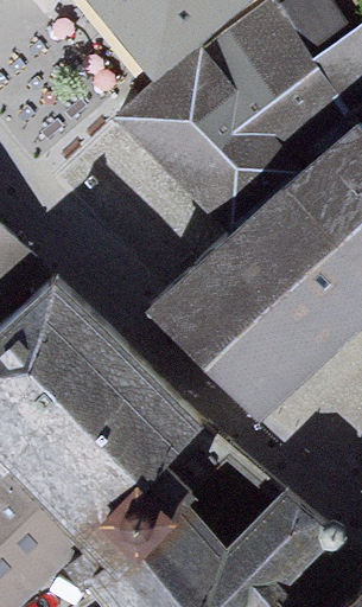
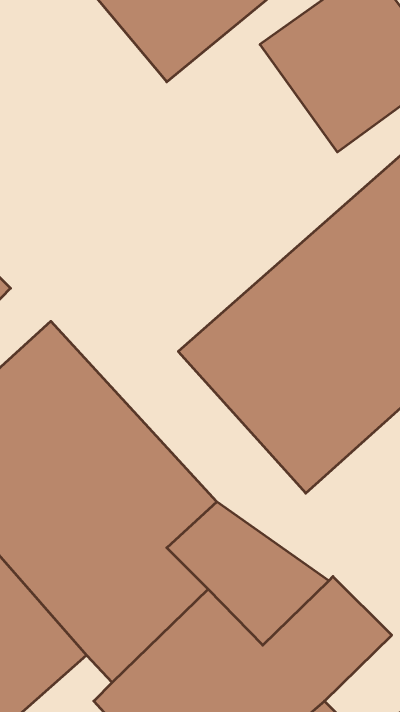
building: [123,49,300,229] -> none

